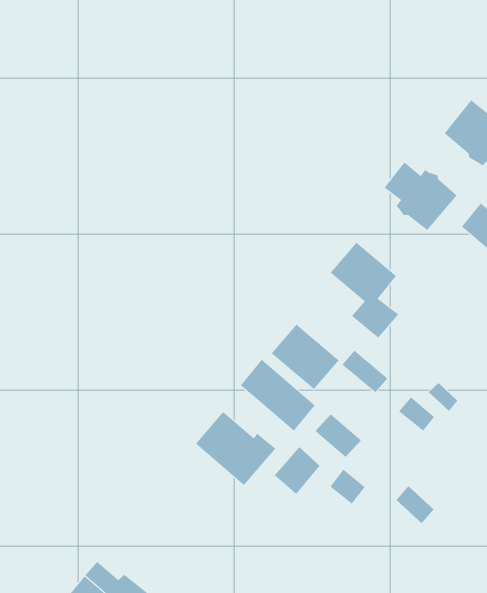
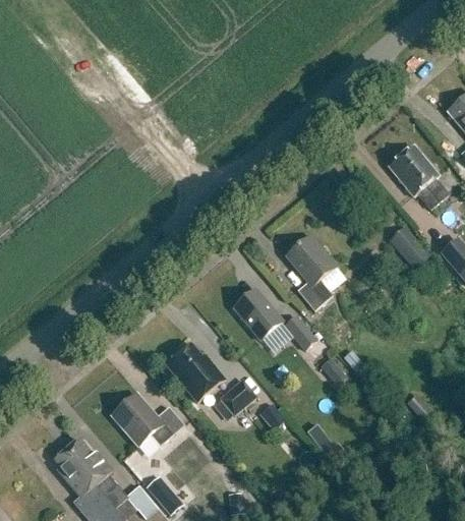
building: [384,162,458,231] -> none
building: [240,359,316,432] -> none
building: [315,414,362,458] -> none
building: none -> [111,394,184,446]

